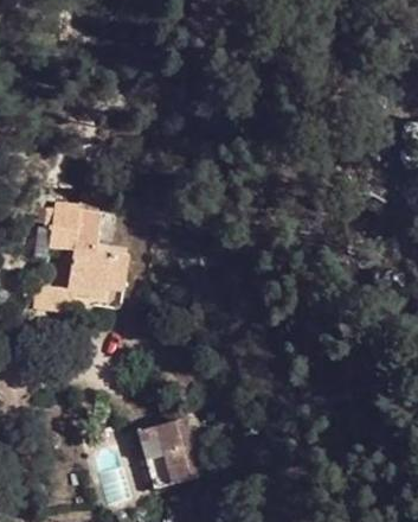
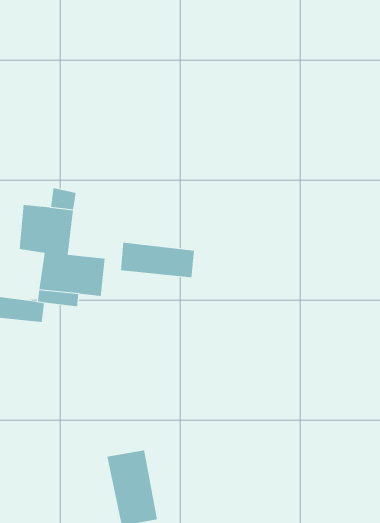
building: none -> [121,242,194,278]

